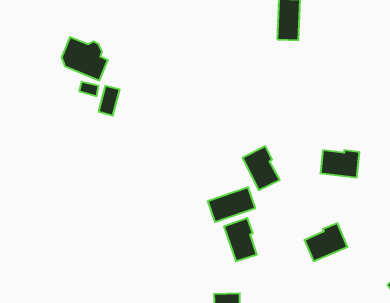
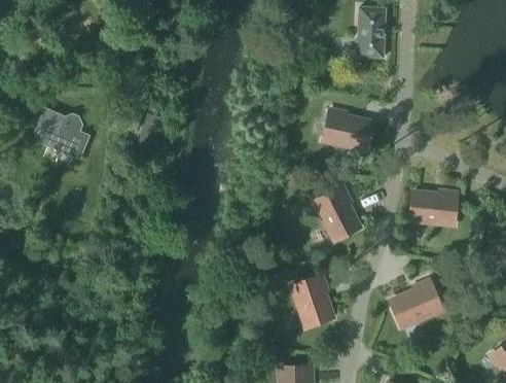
building: [61,37,108,80] -> [34,107,91,160]
building: none -> [323,110,372,150]
building: [208,187,255,222] -> none

